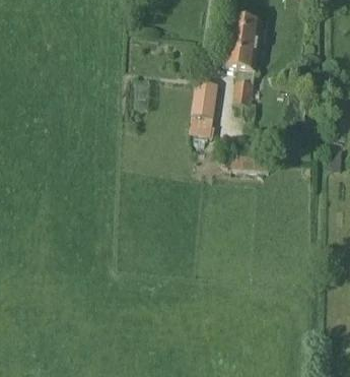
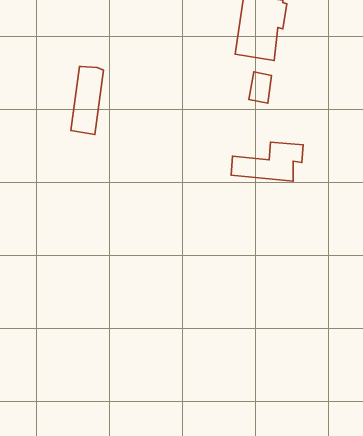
building: [191,79,217,134] -> [71,66,104,134]

